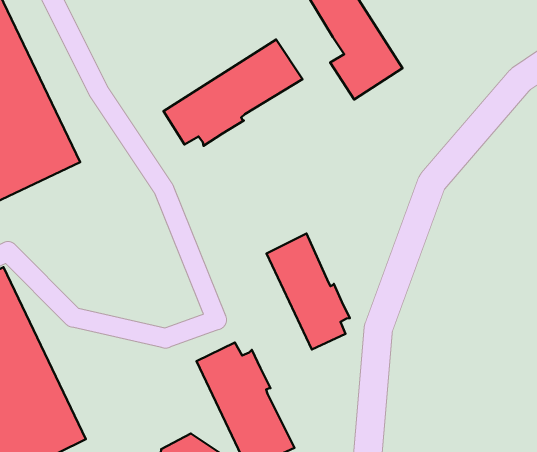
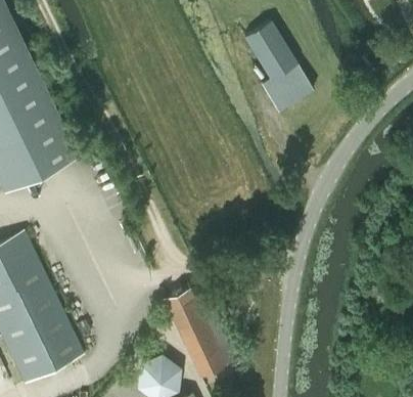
building: [164,39,302,146] -> none
building: [266,234,350,350] -> none

